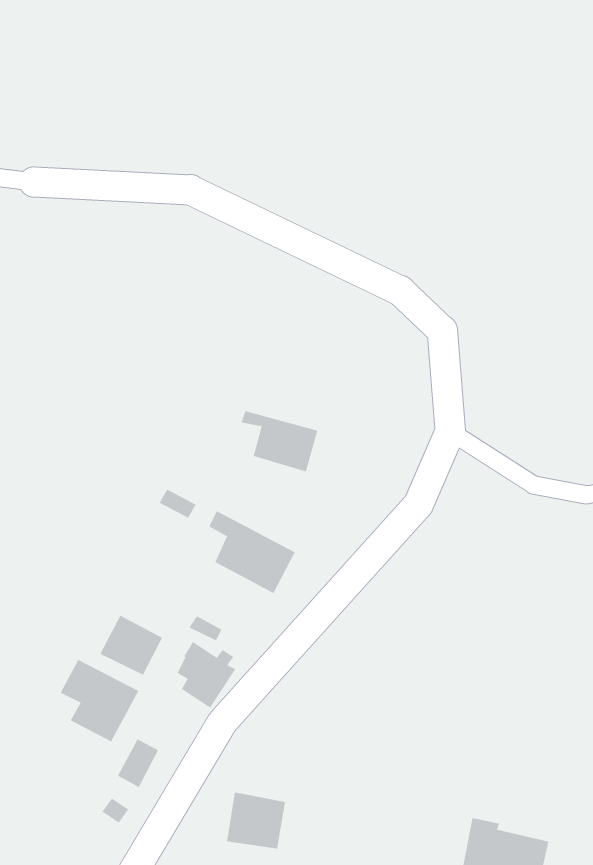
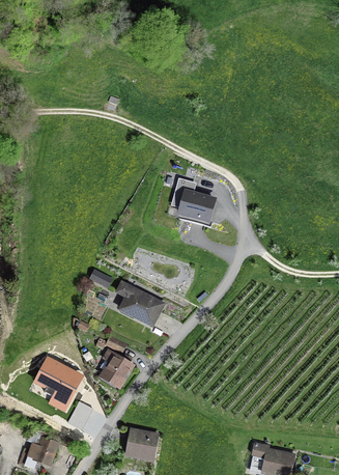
building: [241,411,318,472] -> [174,189,215,221]
building: [100,615,163,676] -> none
building: none -> [29,438,57,463]

